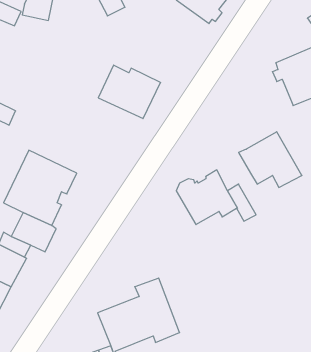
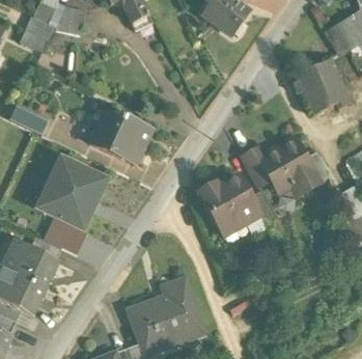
building: [98,65,161,119] -> [92,113,151,164]
building: none -> [241,144,271,186]

